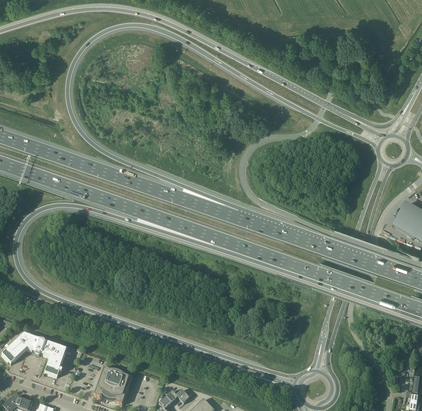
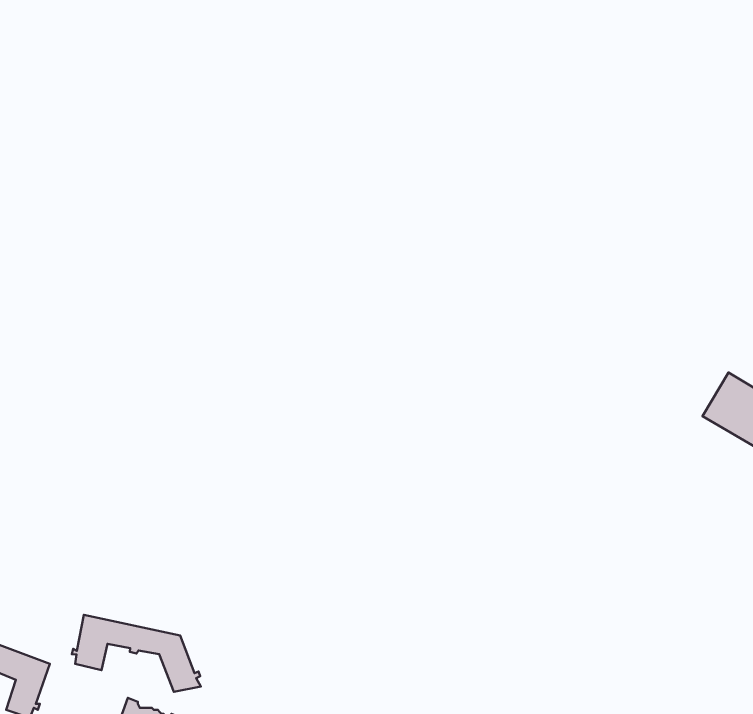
building: none -> [72,615,201,692]

